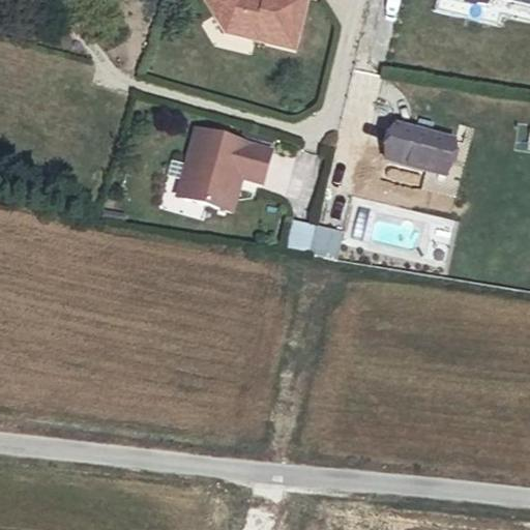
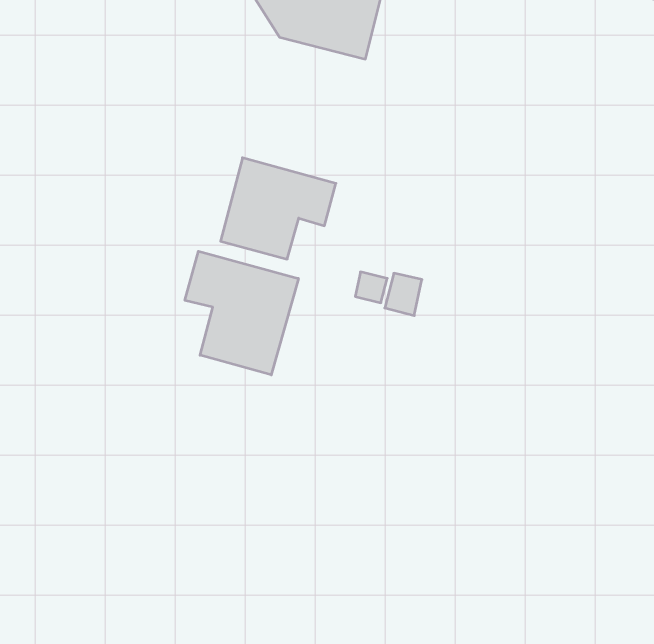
building: [382,119,454,180] -> none
building: none -> [185,251,298,375]

